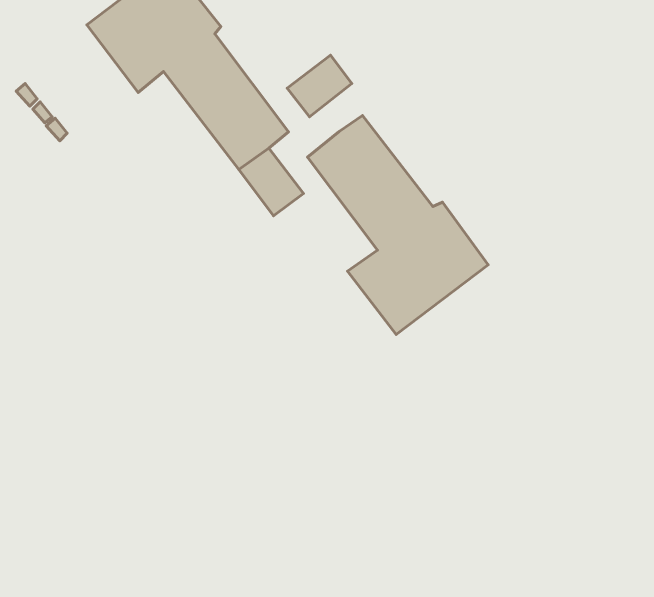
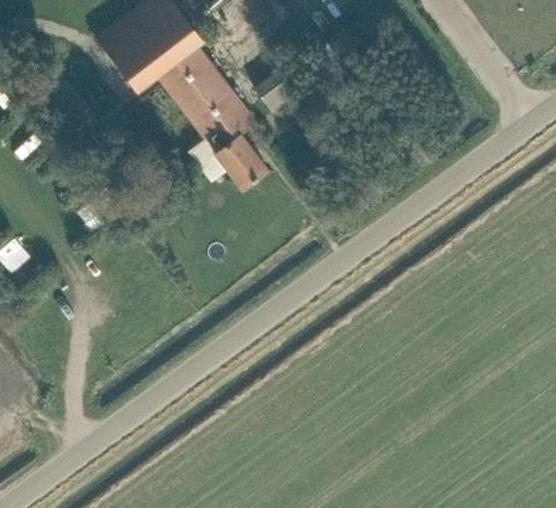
building: [308,115,488,335] -> none

